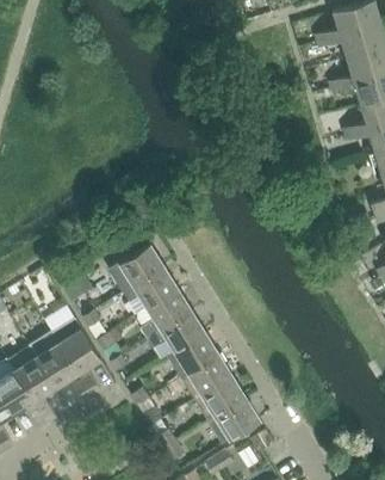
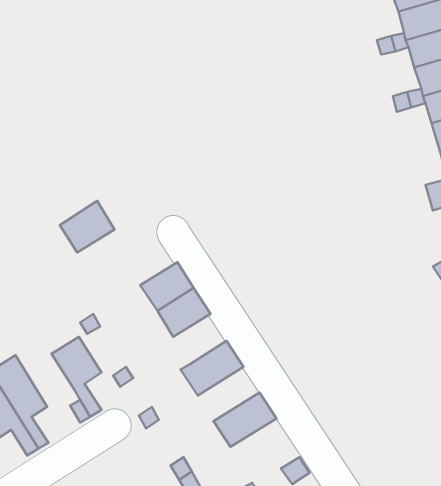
building: [118,242,163,285] -> [60,201,114,252]
building: [153,309,204,351] -> none
building: [29,331,77,387] -> none
building: [180,353,231,399] -> none
building: [207,396,260,443] -> none

